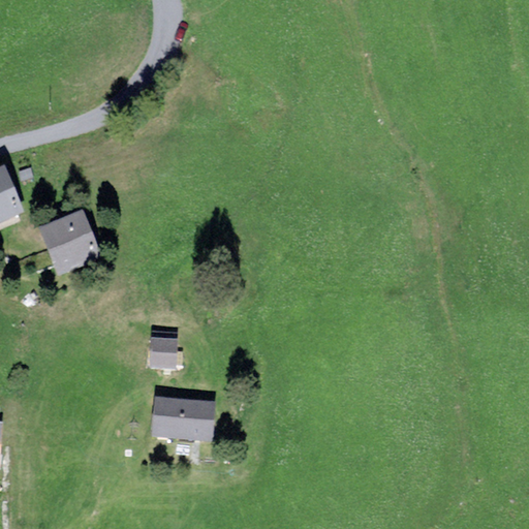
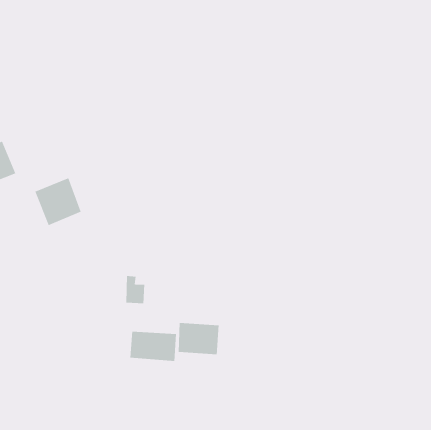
building: none -> [178,322,219,355]

